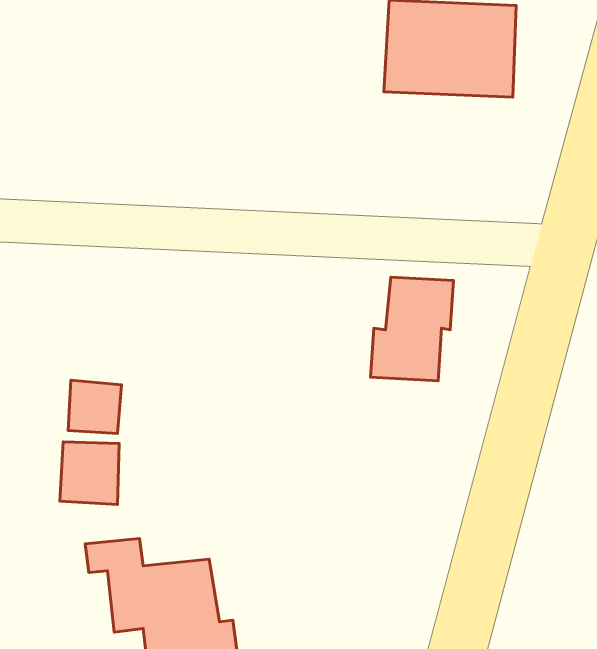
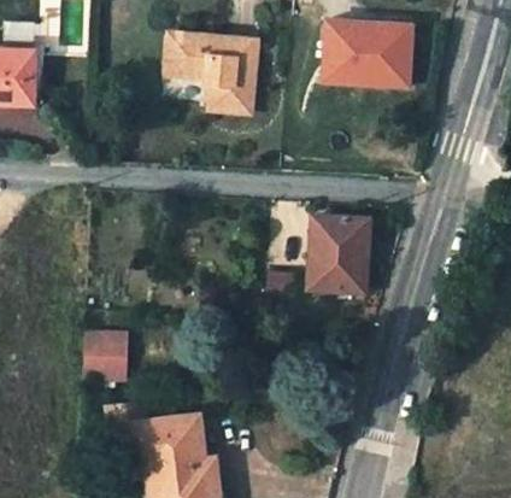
building: none -> [166,35,257,112]
building: [68,380,122,433] -> none

